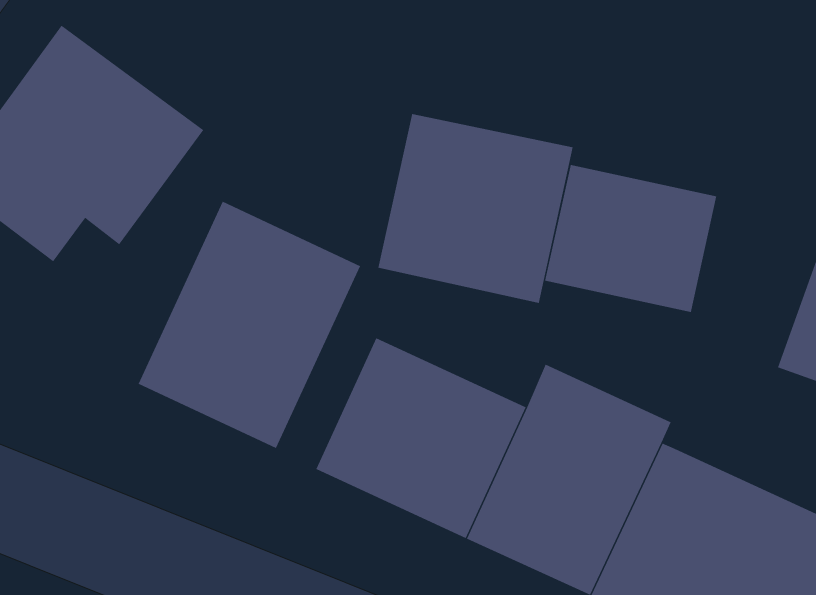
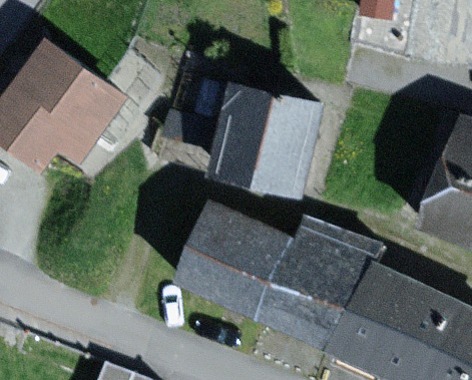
building: [545,164,717,313] -> none
building: [138,201,361,449] -> none

